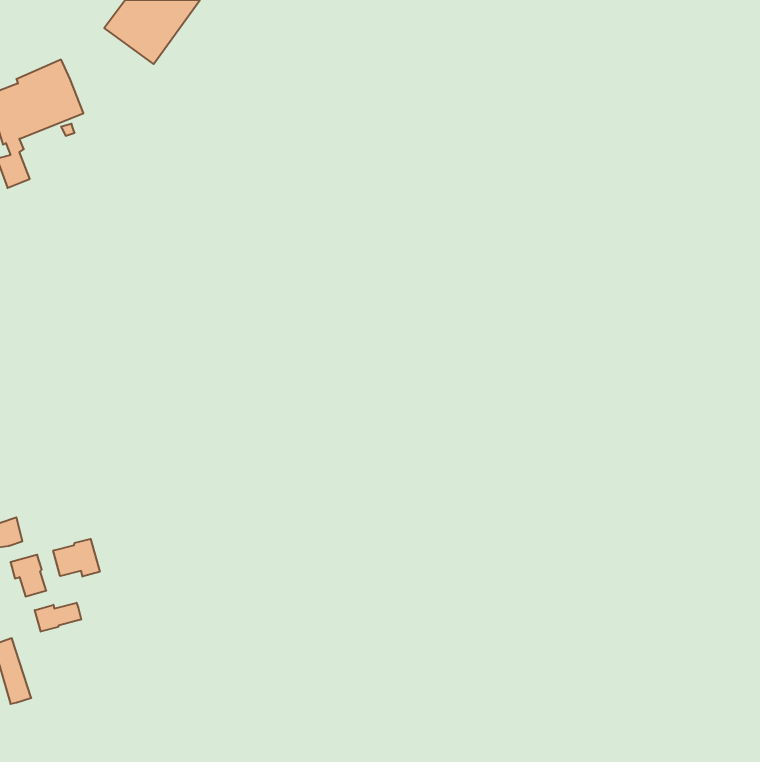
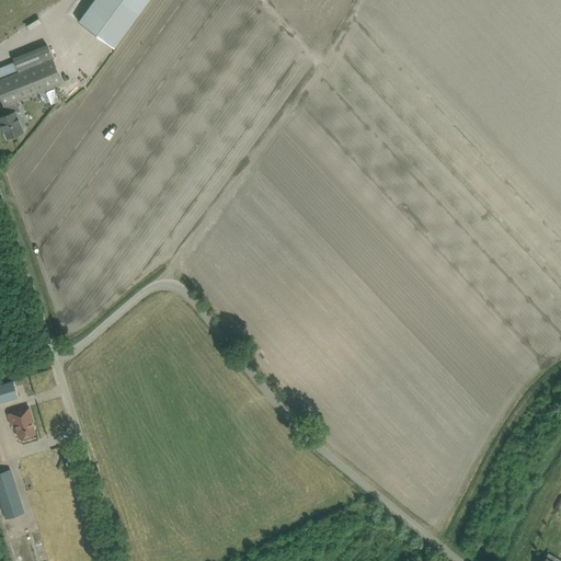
building: [53,539,100,577] -> none
building: [35,603,81,632] -> none

